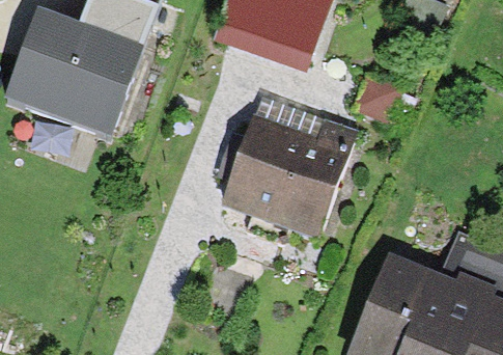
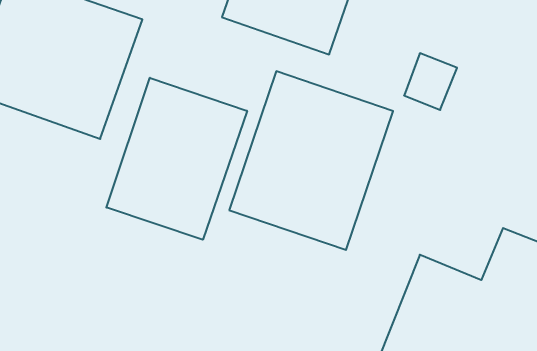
building: none -> [106,78,247,240]

